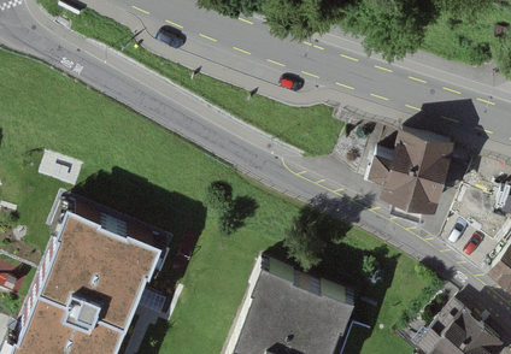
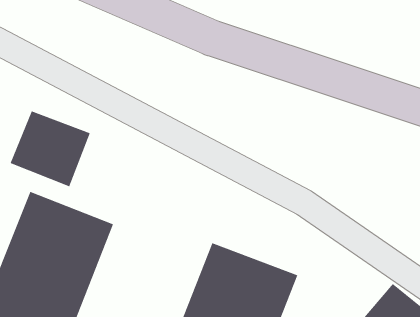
building: none -> [10,111,90,187]
building: [371,131,453,208] -> none

